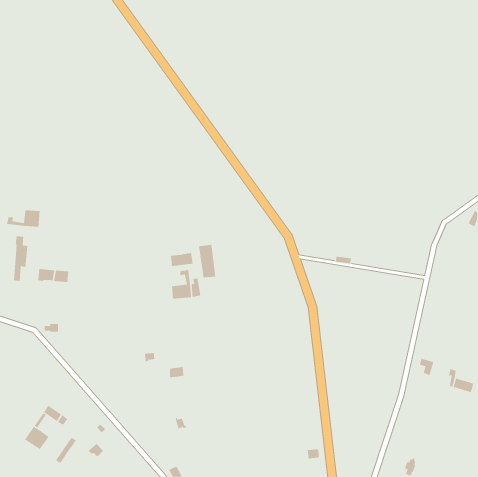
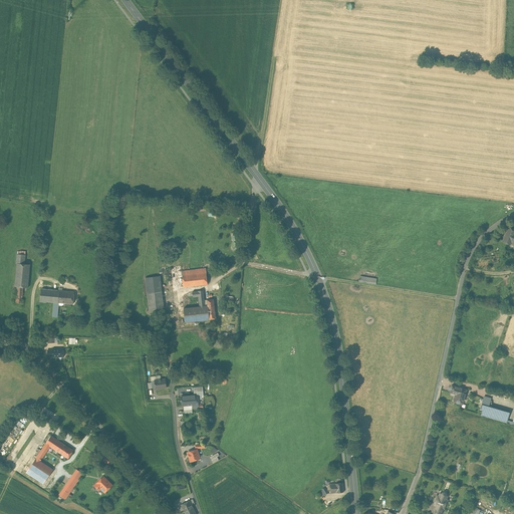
building: [6,210,40,227] -> none
building: [198,244,216,278] -> [145,275,164,311]

